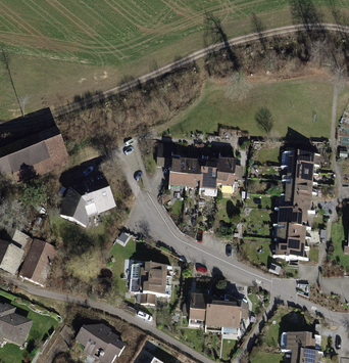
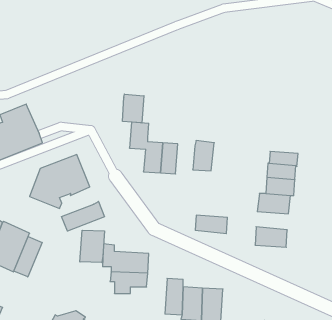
building: none -> [123,94,144,123]
building: [287,154,314,172] -> none
building: [197,163,215,193] -> none
building: none -> [62,201,105,231]
building: [273,227,304,244] -> [195,215,227,234]
building: none -> [80,230,104,263]
building: none -> [14,237,42,277]

